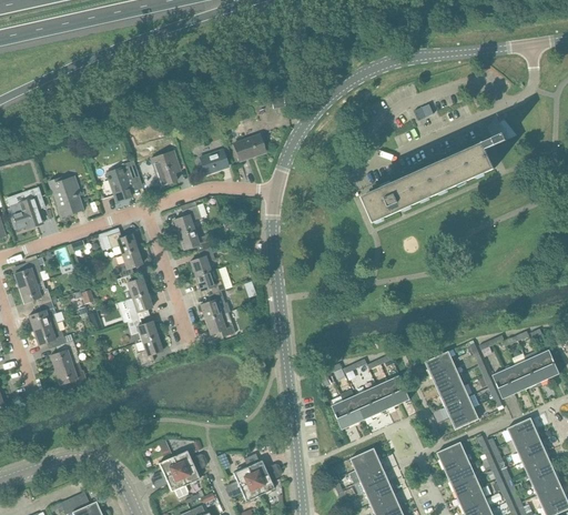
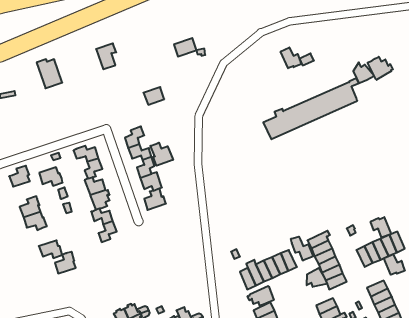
building: none -> [281,47,301,68]
building: none -> [368,57,393,80]
building: [233,134,264,160] -> [174,38,196,57]
building: [150,150,178,185] -> [96,43,116,69]
building: [105,160,142,201] -> none
building: [48,176,83,216] -> [37,59,62,88]
building: [6,186,45,229] -> none
building: none -> [150,143,173,166]
building: [19,280,51,305] -> [39,167,63,186]
building: [204,311,234,336] -> none
building: none -> [371,217,391,237]
building: [50,340,79,370] -> [55,252,76,273]
building: none -> [291,237,313,261]
building: none -> [384,254,405,275]
building: none -> [307,268,327,287]
building: none -> [248,286,274,306]

